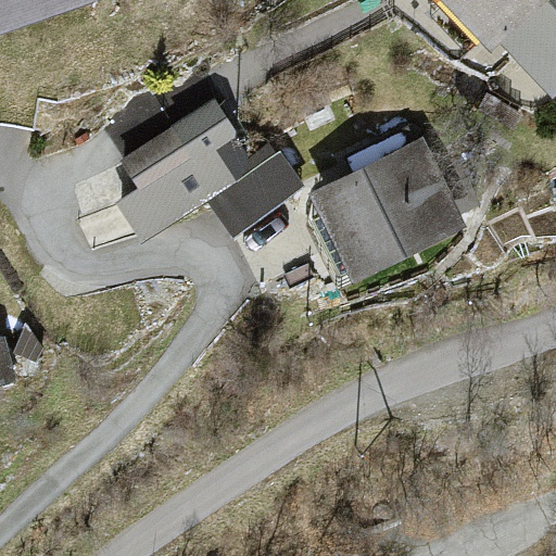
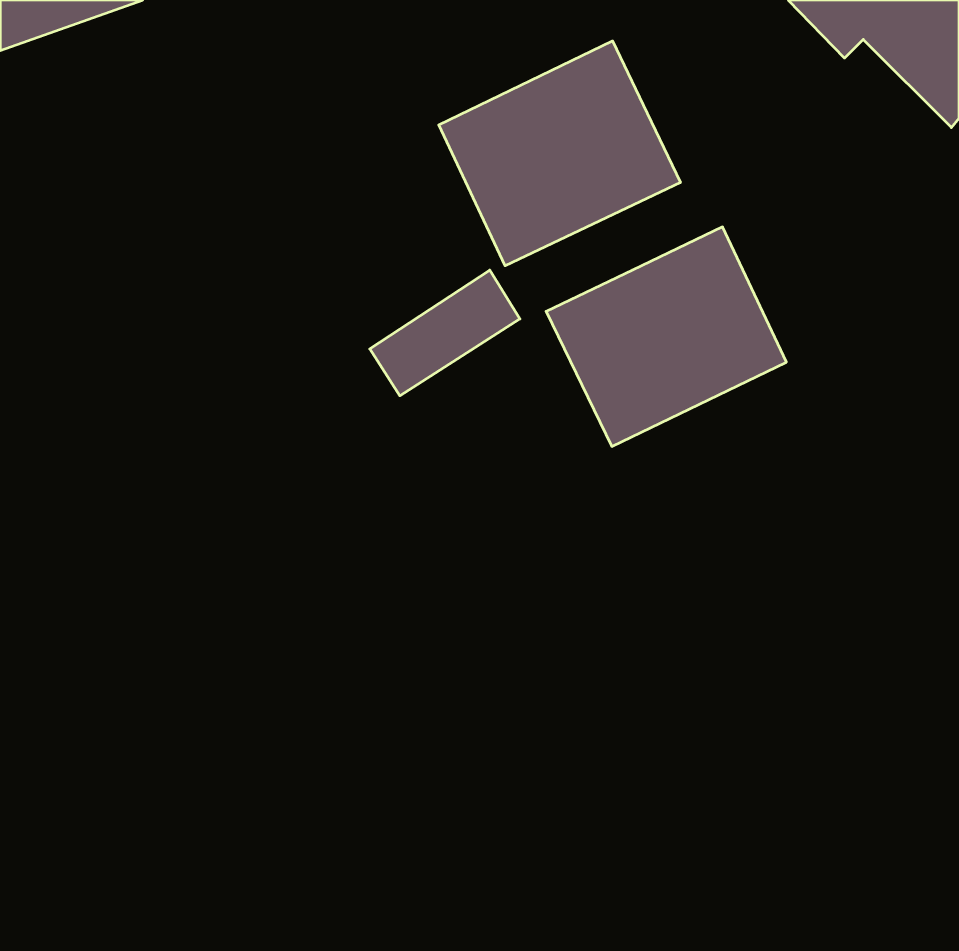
building: none -> [439,41,680,266]
building: [122,110,235,240] -> none

